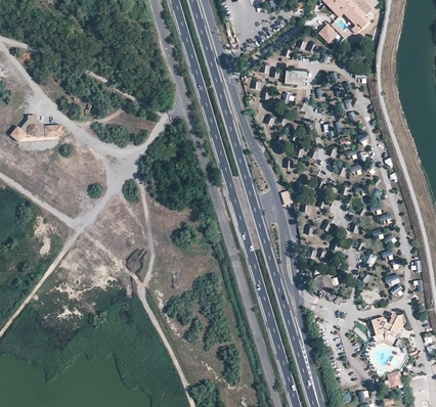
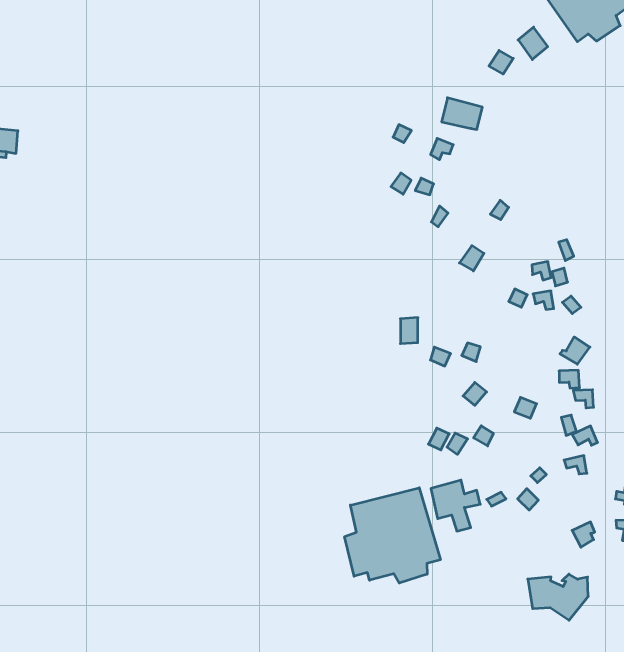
building: none -> [345,488,440,583]

